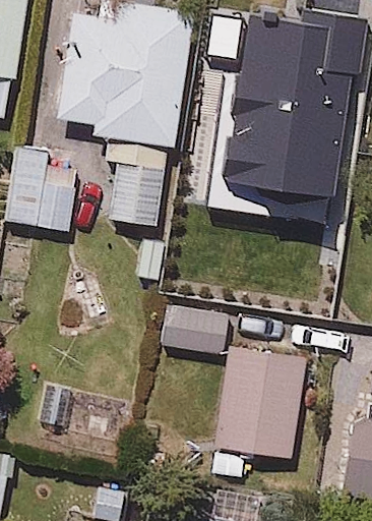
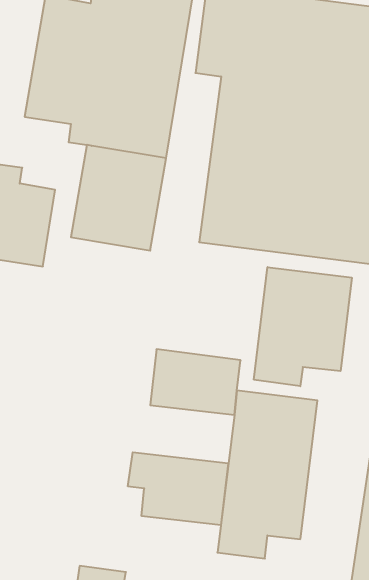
building: none -> [254,267,352,386]
building: none -> [128,452,228,525]

